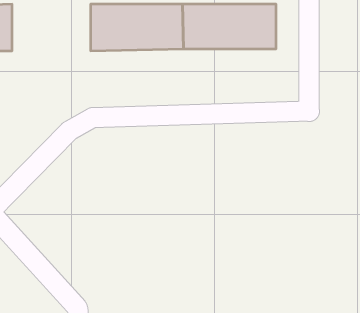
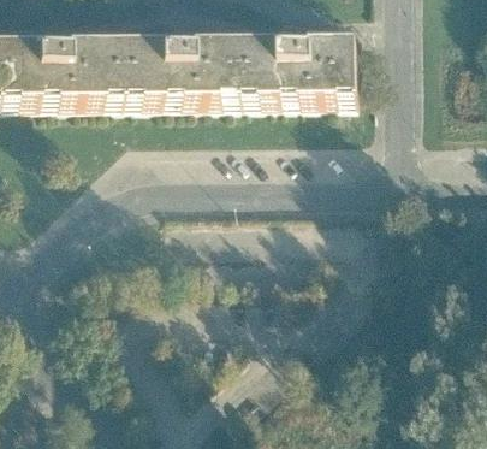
building: none -> [17,45,117,104]

